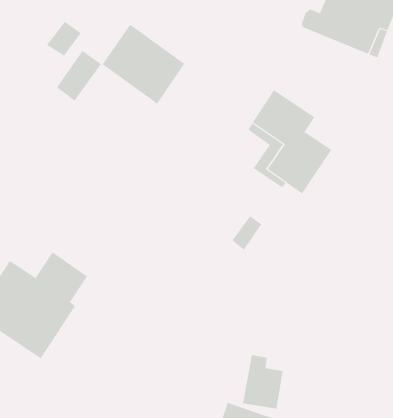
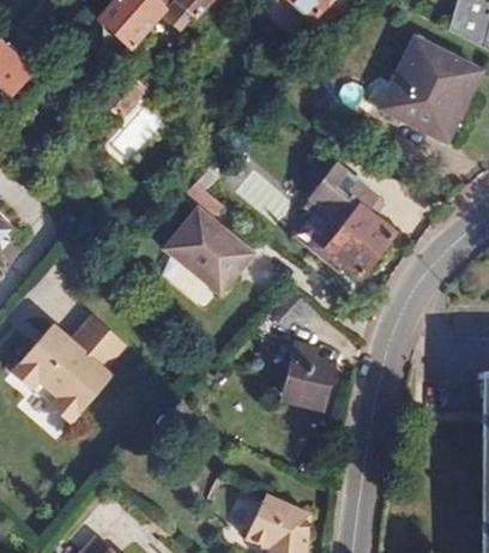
building: [102,24,185,105] -> [165,202,253,289]
building: [242,355,284,409] -> [290,343,337,403]

